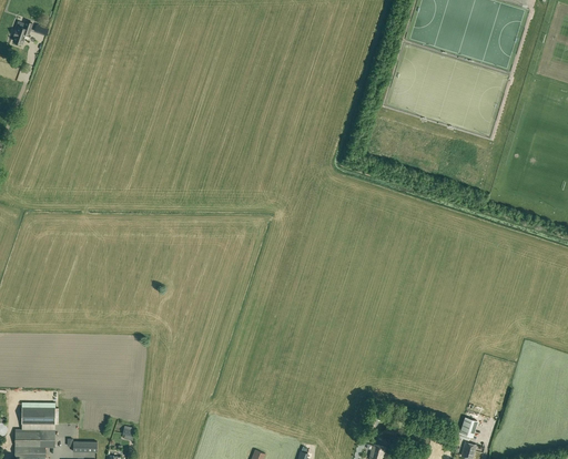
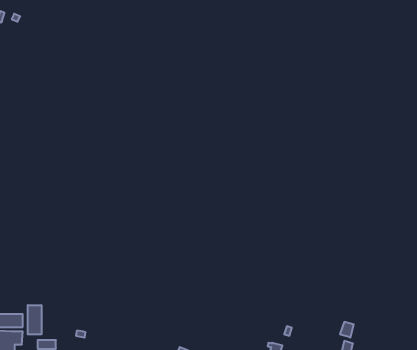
building: none -> [28,305,41,334]

